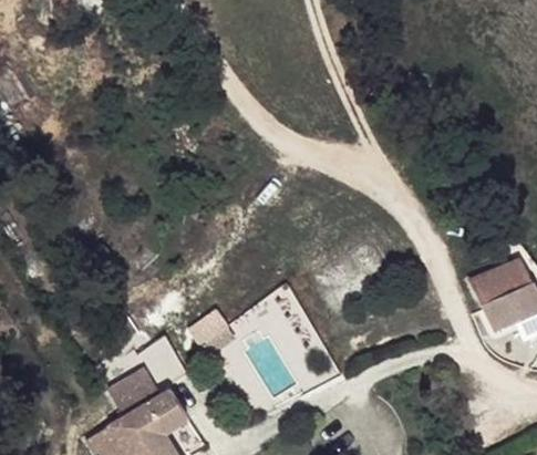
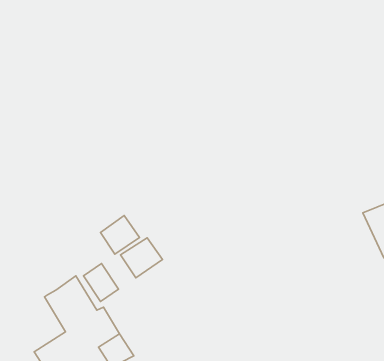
building: none -> [100,215,139,254]

